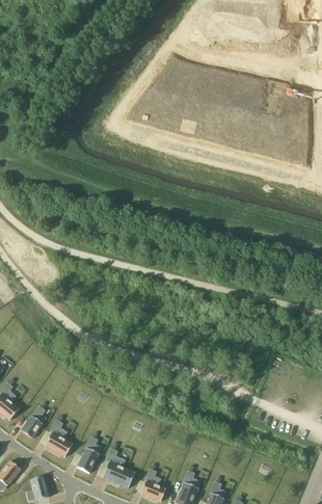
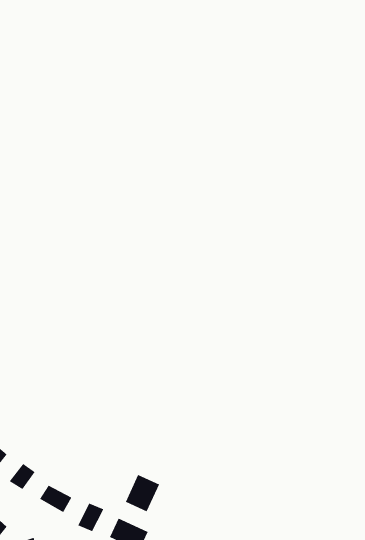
building: none -> [125,474,160,512]

